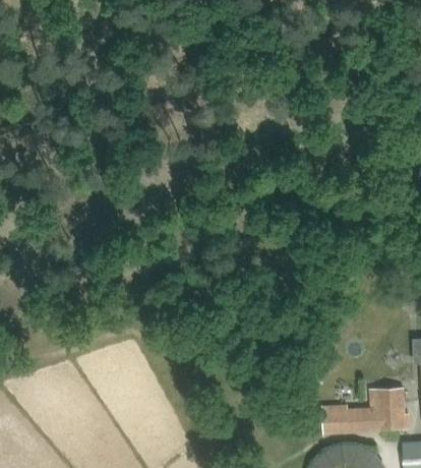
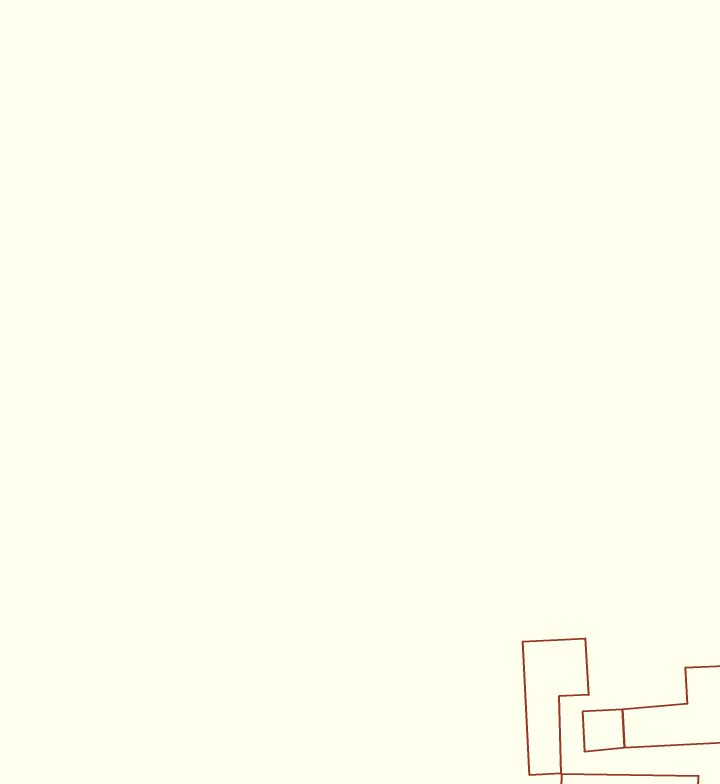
building: none -> [523,638,589,775]

